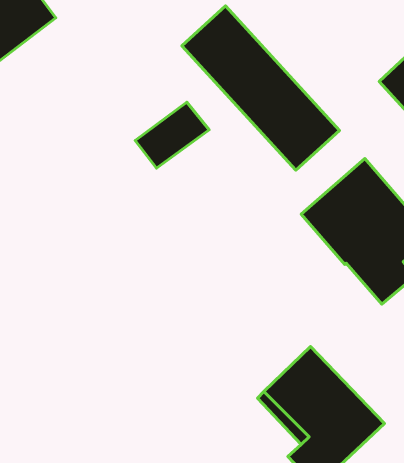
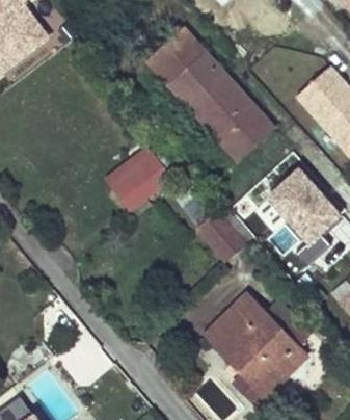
building: [135,102,209,168] -> [111,156,169,208]
building: none -> [197,212,241,259]

